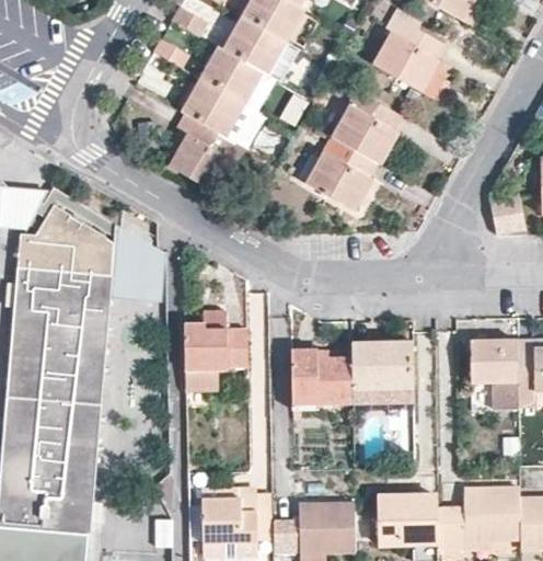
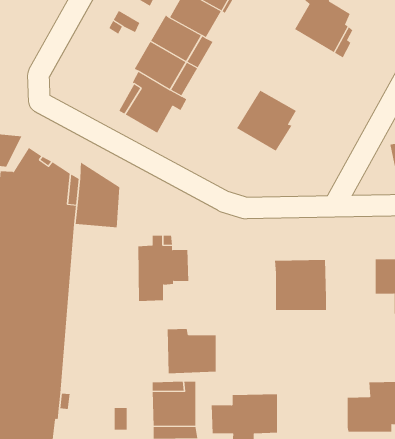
building: [332,90,402,163] -> none
building: [290,350,350,404] -> [167,328,217,374]
building: [377,494,437,545] -> none

